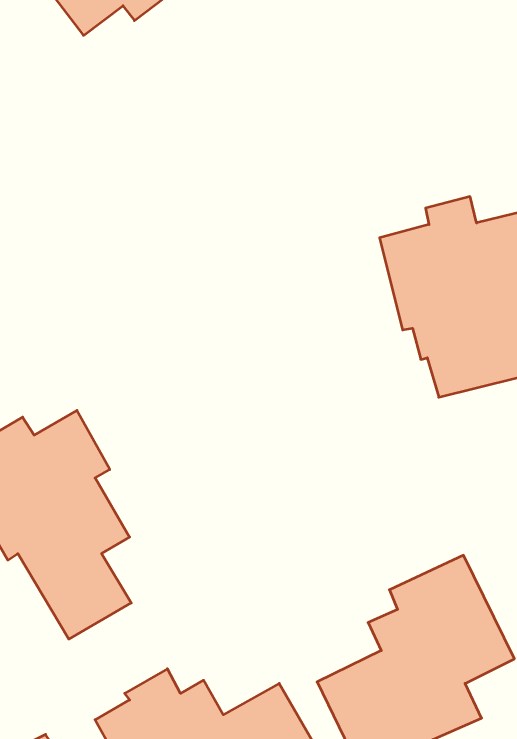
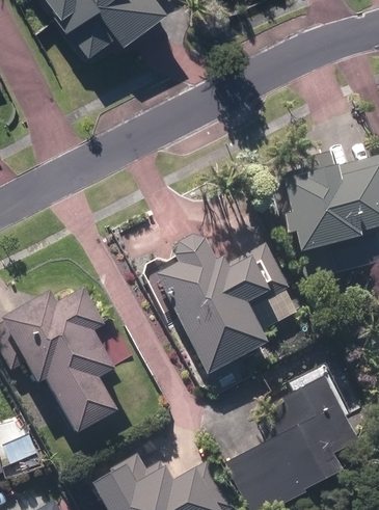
building: none -> [157,236,288,387]

